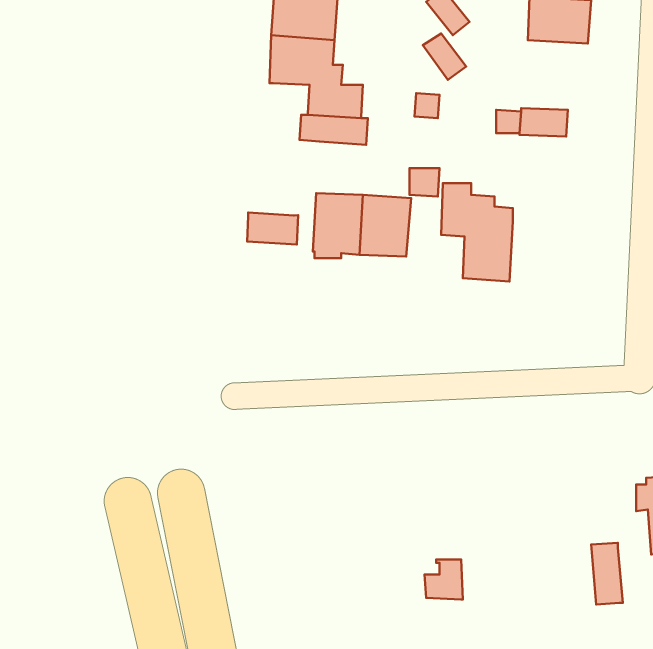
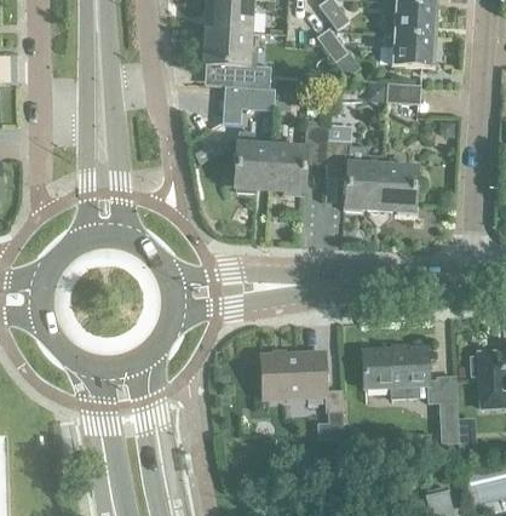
building: none -> [384,33,435,67]
building: [247,213,298,244] -> none
building: none -> [378,165,414,210]
building: none -> [362,346,427,399]
building: none -> [260,351,326,399]

